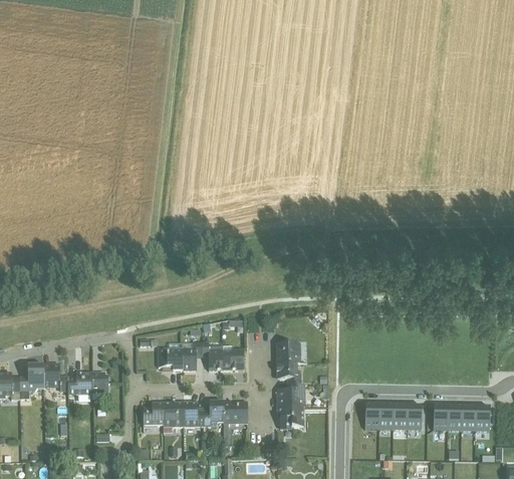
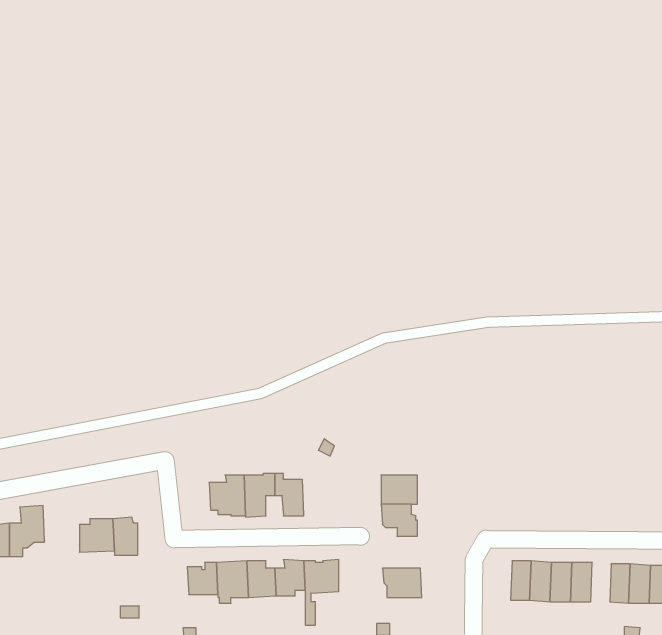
building: [221,345,243,370] -> none
building: [42,363,67,391] -> none
building: [276,385,304,407] -> none

